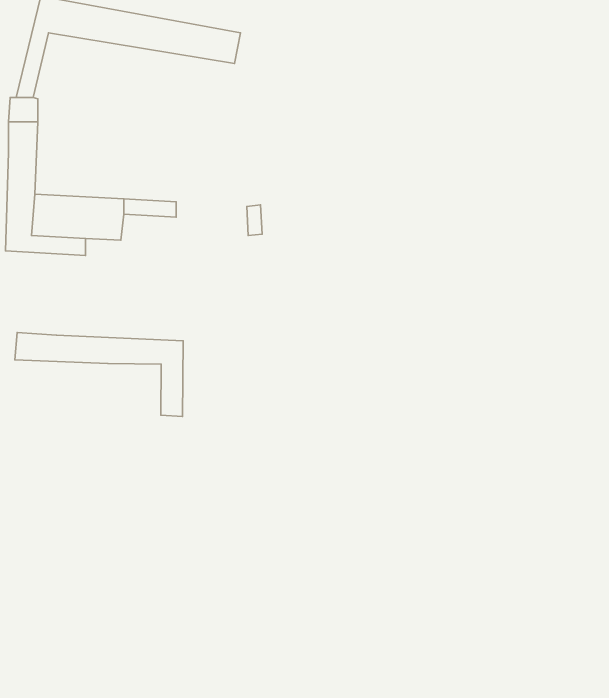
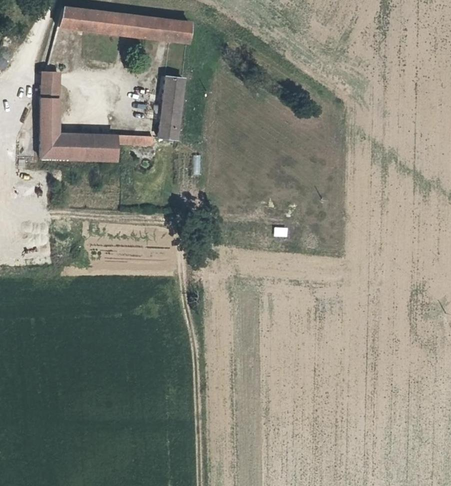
building: none -> [157,79,185,139]
building: [15,332,183,417] -> none

